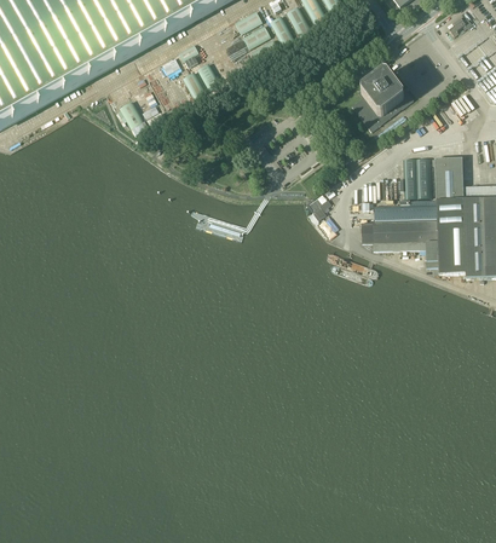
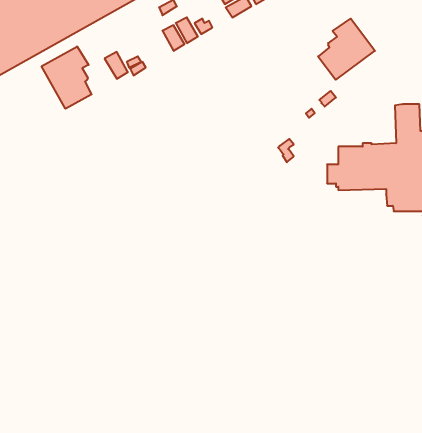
building: none -> [42,46,92,109]
building: [409,157,429,197] -> none

